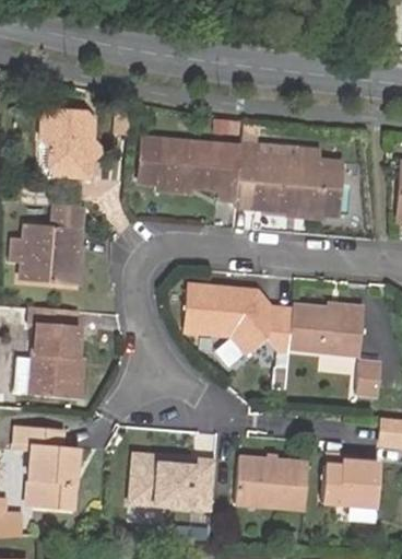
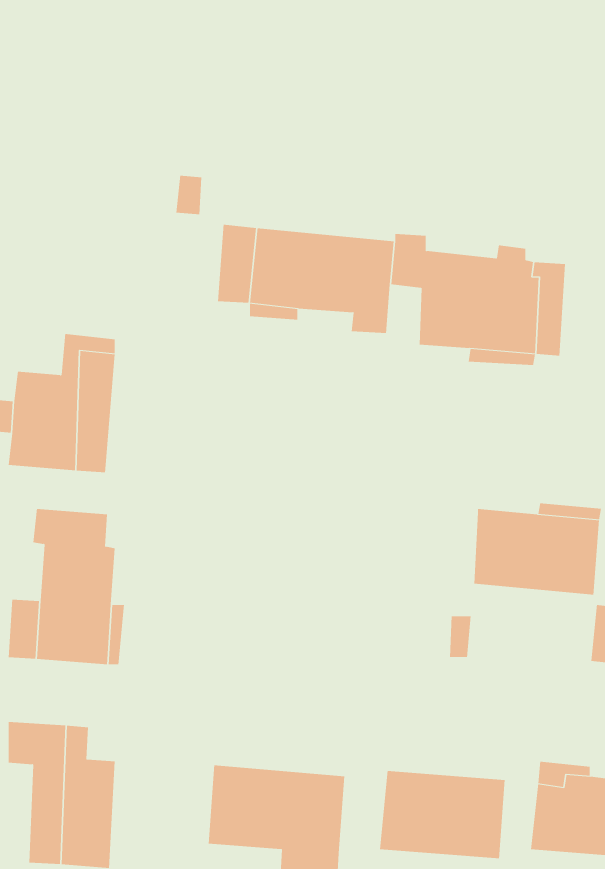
building: [39,106,94,176] -> none
building: [180,282,292,351] -> none

